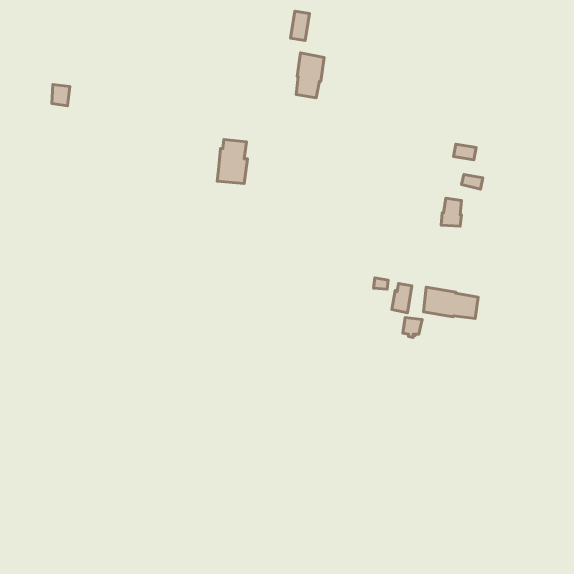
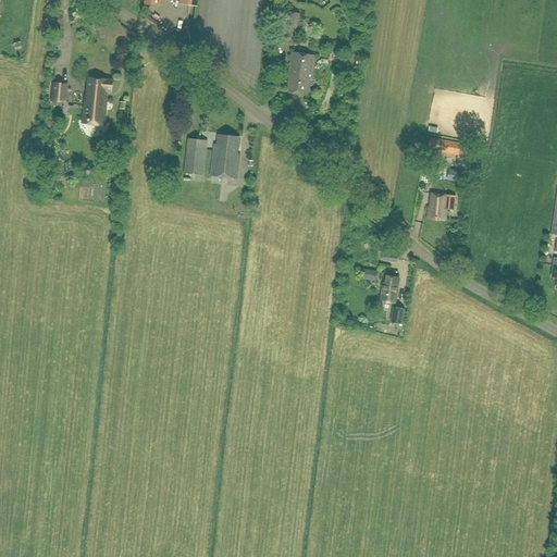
building: none -> [82,77,112,124]
building: none -> [183,137,207,174]
building: [423,287,478,318] -> none

